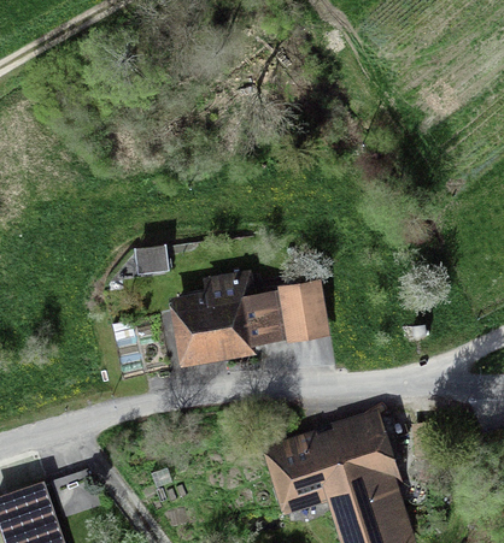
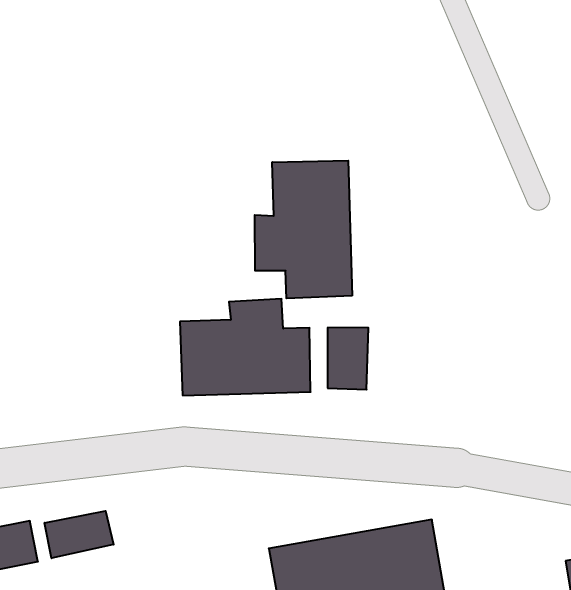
building: none -> [255,161,352,298]
building: none -> [45,511,114,558]

